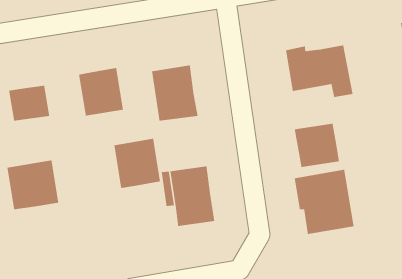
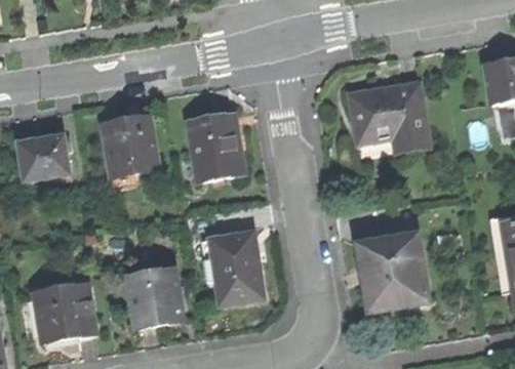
building: [294,123,340,168] -> none
building: [113,138,161,189] -> [128,265,184,325]
building: [7,159,59,210] -> [34,282,95,341]

